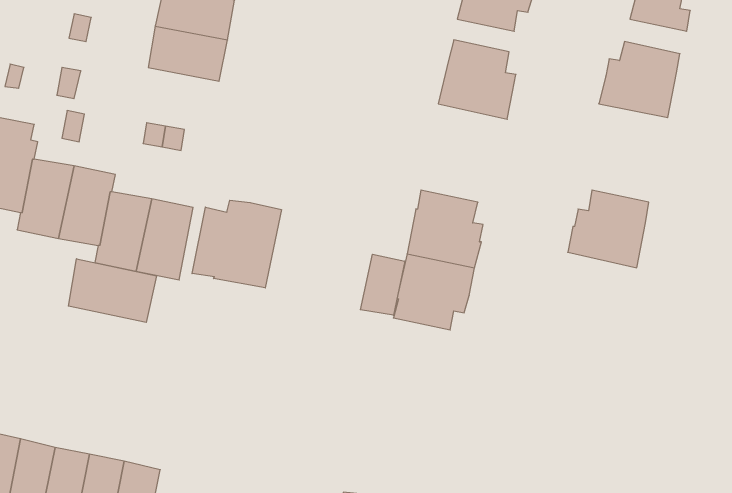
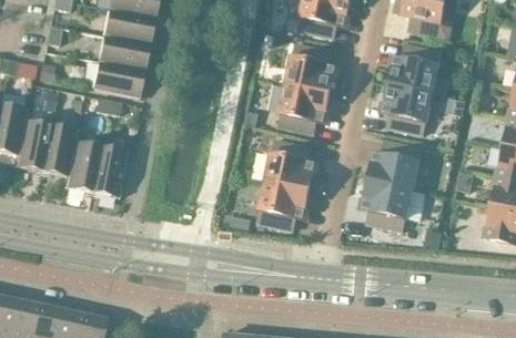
building: none -> [92,61,143,98]
building: none -> [276,84,328,133]
building: none -> [382,84,432,134]
building: [192,200,281,288] -> none
building: none -> [362,180,412,231]
building: [360,254,405,315] -> none
building: [68,259,156,322] -> none

